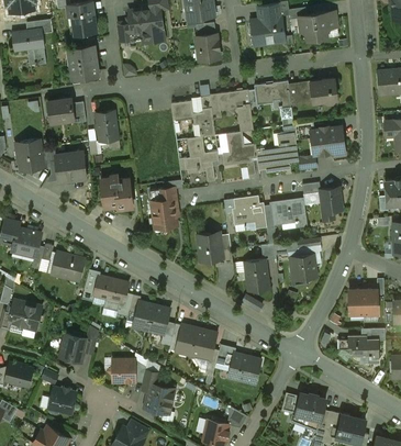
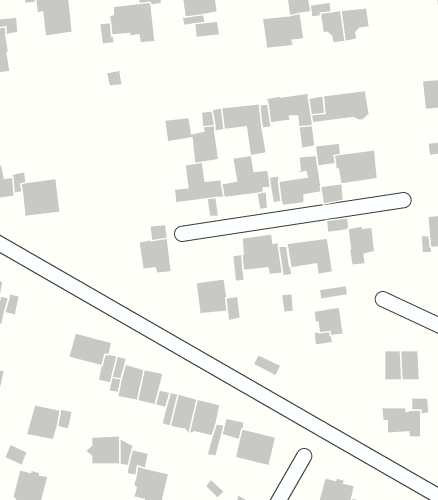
building: [194,34,219,62] -> none
building: [66,45,98,80] -> none
building: [47,99,85,123] -> none
building: [94,111,118,142] -> none
building: [100,175,132,210] -> none
building: [52,253,83,281] -> none
building: [244,259,267,290] -> none

